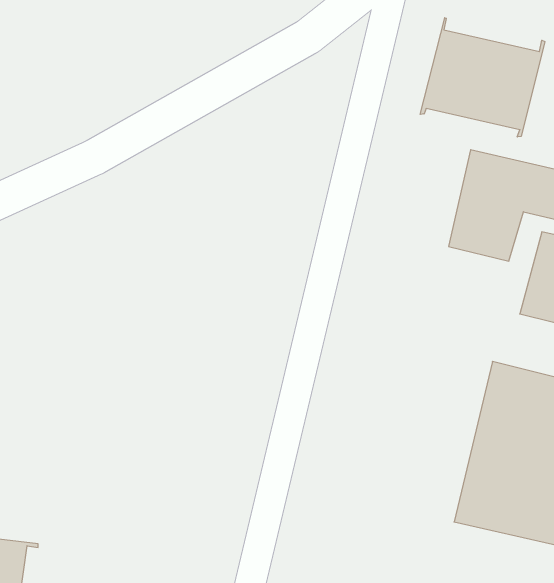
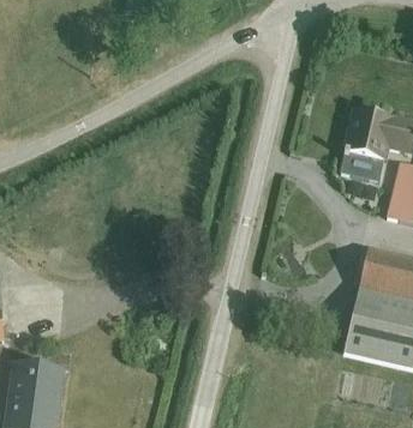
building: [420,18,545,137] -> none

